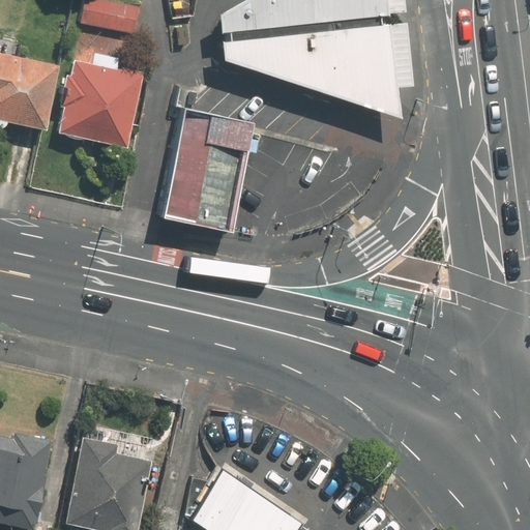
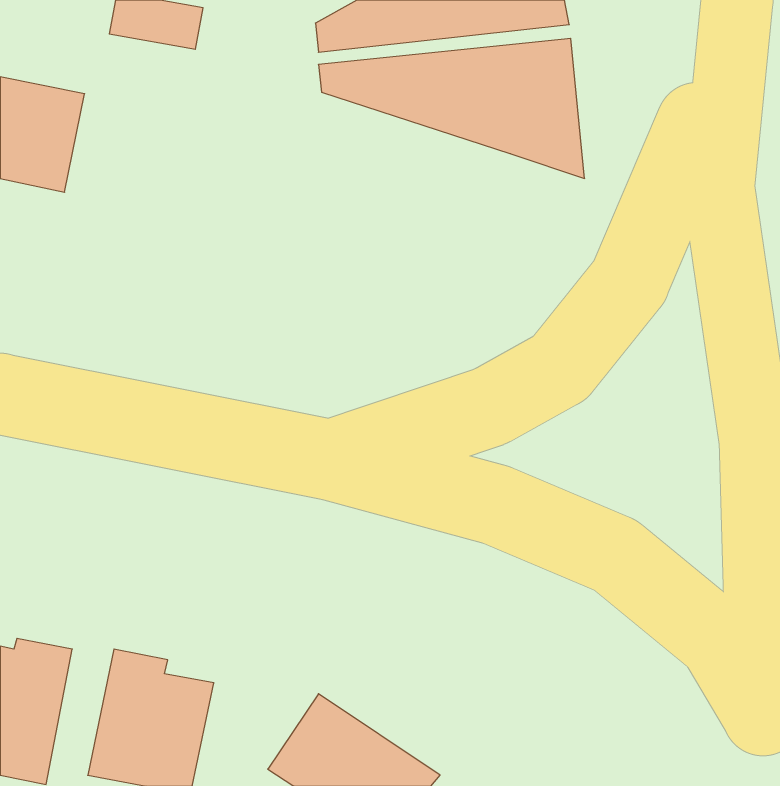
building: [53,52,141,149] -> none
building: [168,110,261,233] -> none

